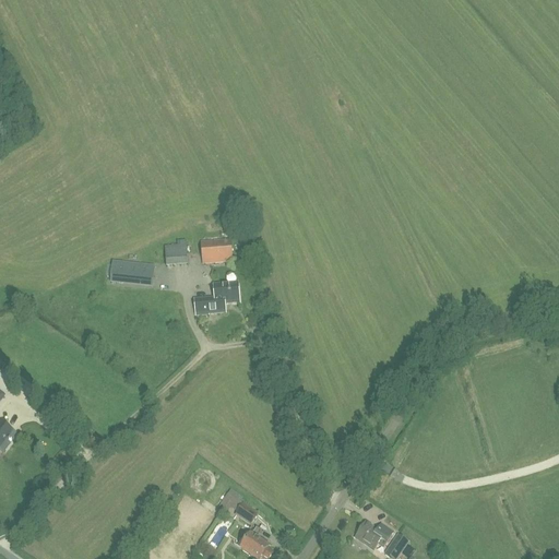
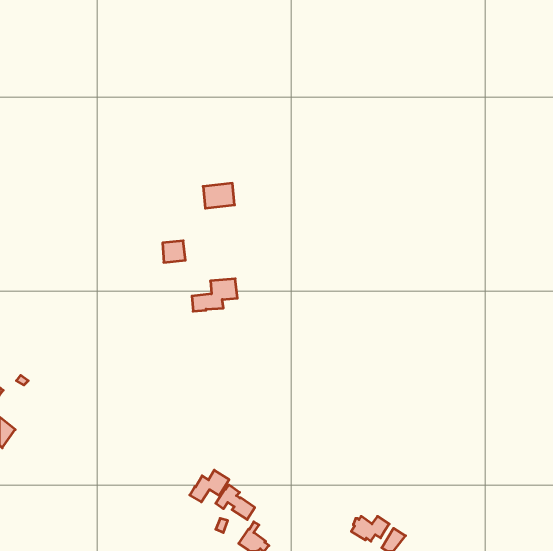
building: [200,237,231,262] -> [203,183,235,208]
building: [109,259,154,284] -> none
building: none -> [190,470,229,502]

